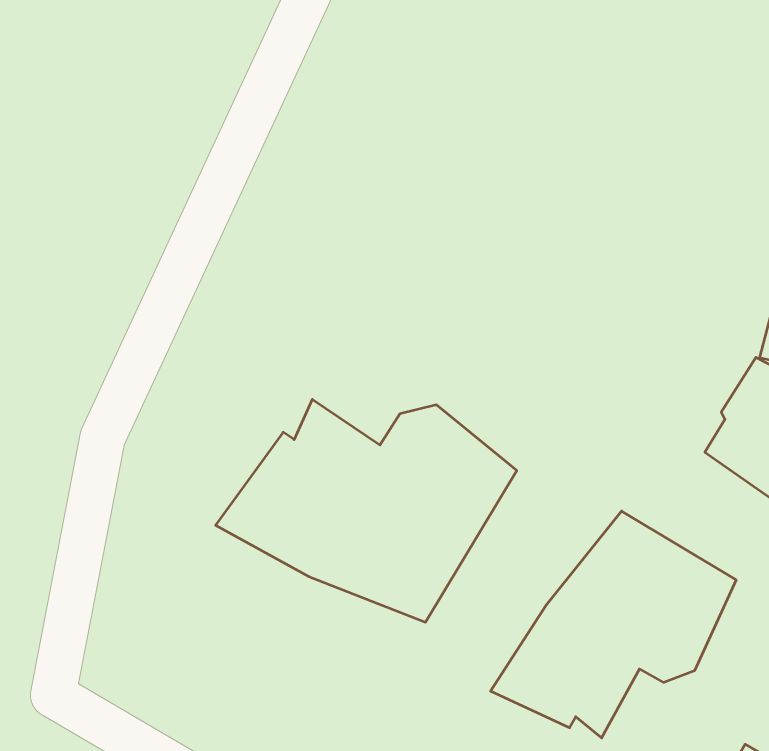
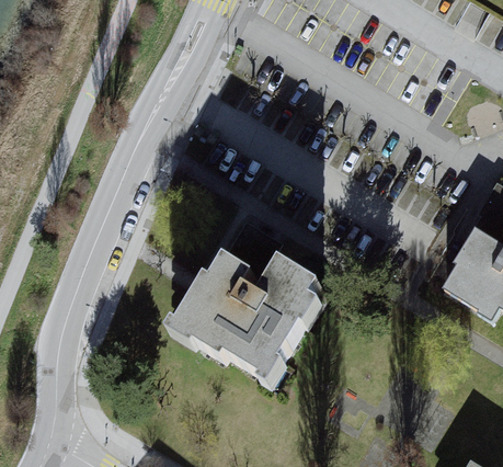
building: [491,511,736,738] -> none

